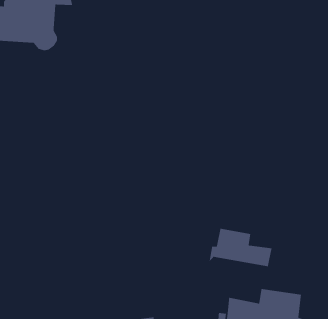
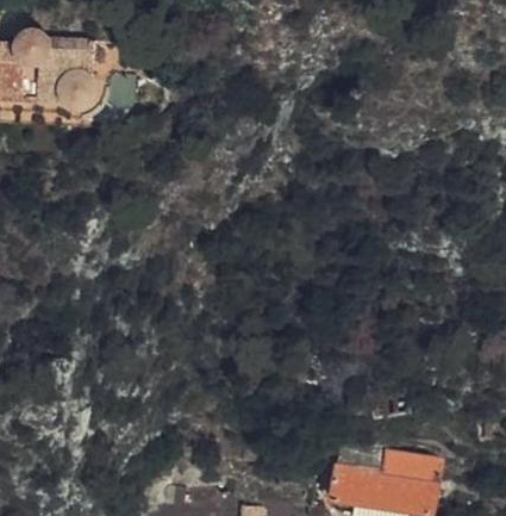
building: [209,228,273,267] -> none

